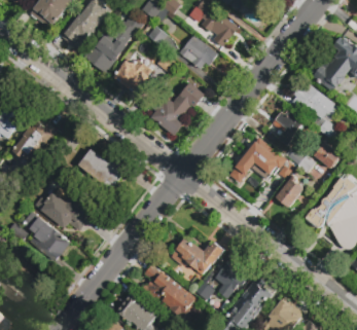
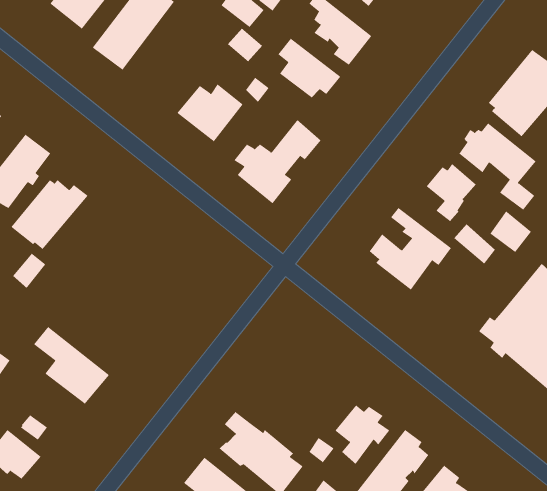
building: [86,17,144,72] -> none
building: [80,149,118,184] -> none
building: [277,176,305,208] -> none
building: [35,192,94,230] -> none
building: [172,240,224,277] -> none

